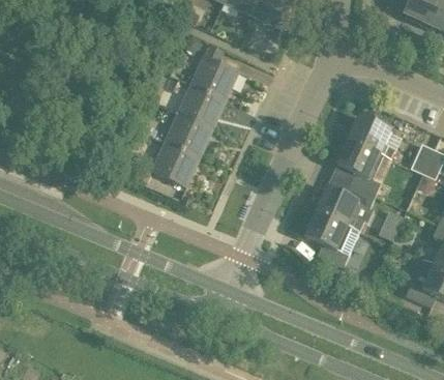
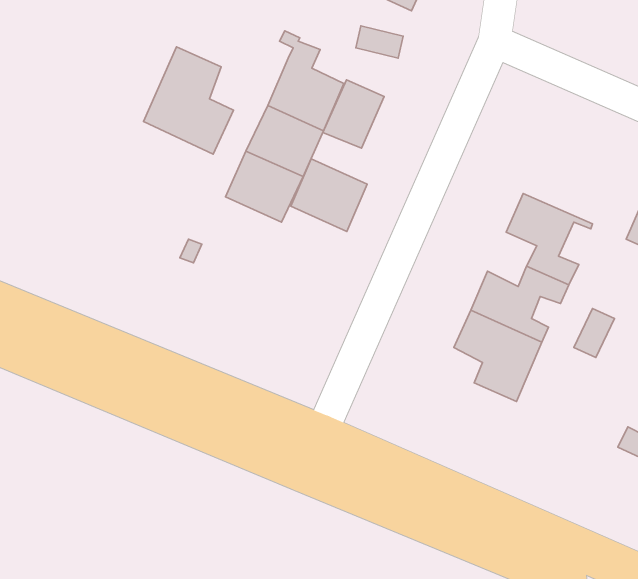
building: none -> [143,47,233,154]
building: none -> [323,80,384,148]
building: [348,116,393,158] -> none
building: [153,142,200,186] -> [291,159,367,231]

